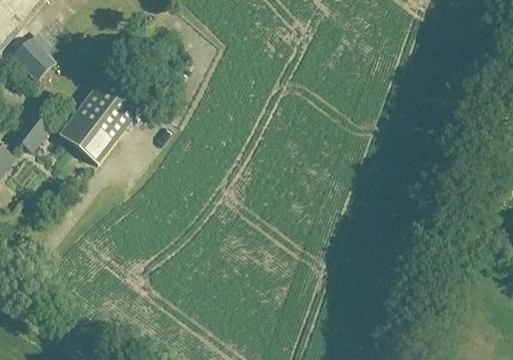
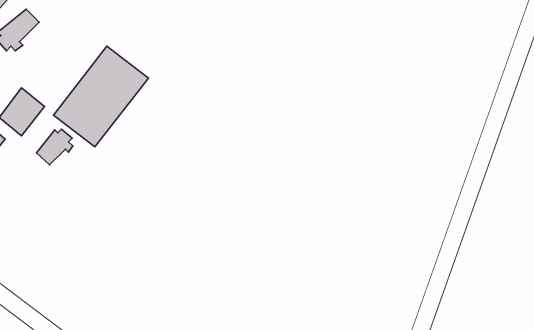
building: none -> [37,129,73,165]

